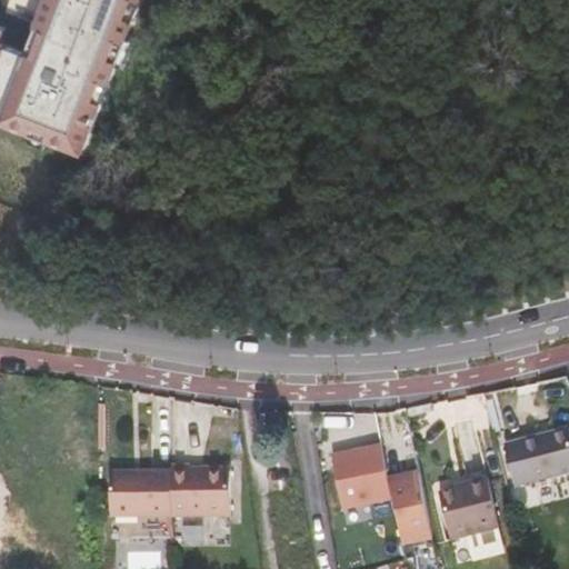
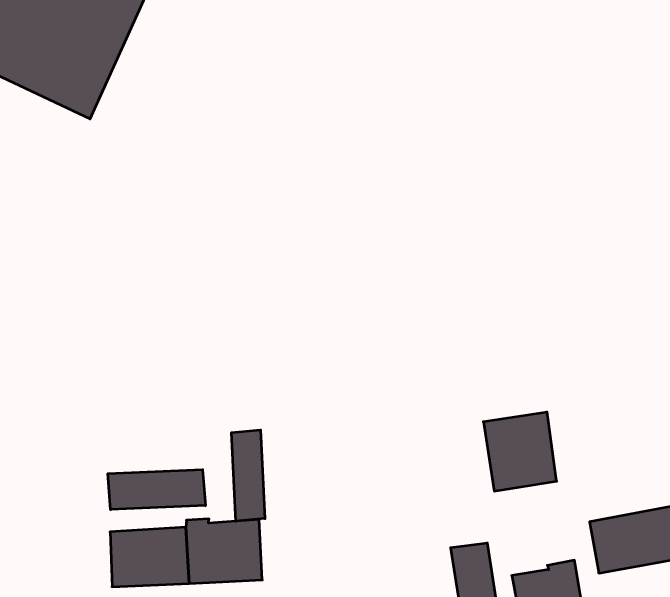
building: none -> [232,430,265,521]
building: none -> [108,470,205,510]
building: [329,441,390,507] -> [483,412,557,491]

